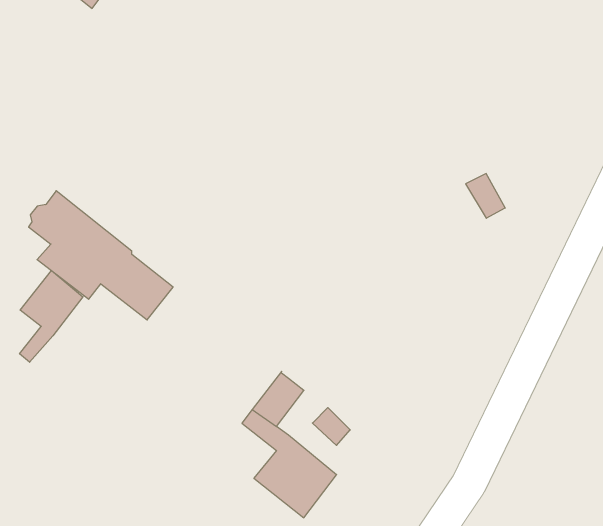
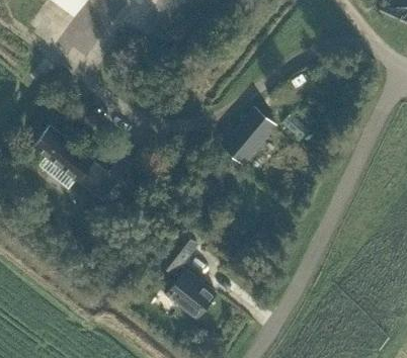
building: none -> [223,109,276,164]
building: [20,271,83,362] -> none

